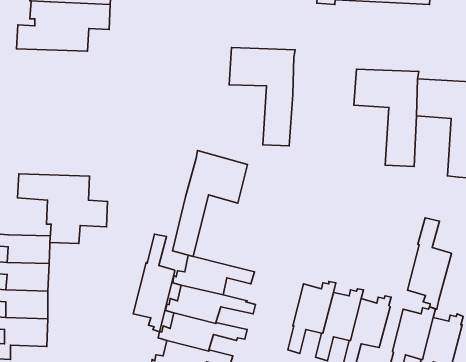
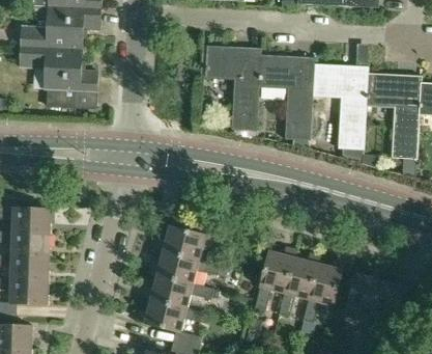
building: none -> [259,54,315,140]
building: [172,150,248,256] -> none
building: [18,174,108,244] -> [20,47,97,107]
building: [407,218,451,309] -> none
building: [133,234,175,332] -> none

